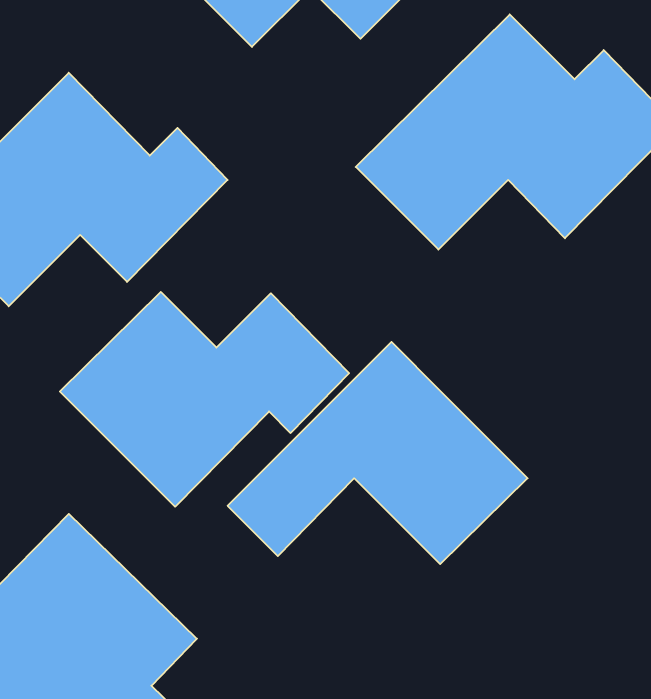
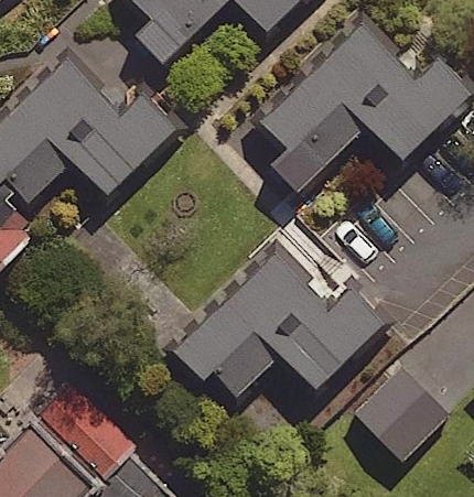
building: [60,292,349,507] -> none
building: none -> [346,367,448,468]

